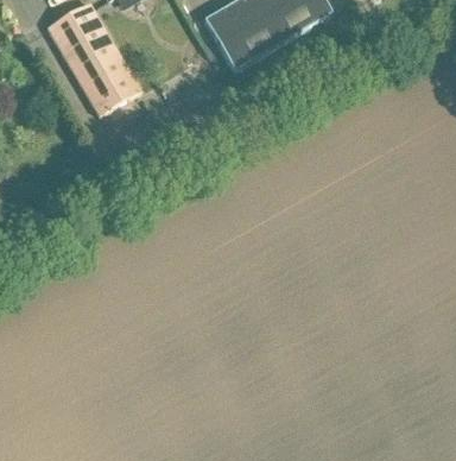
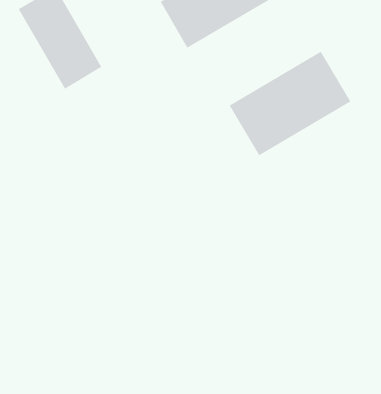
building: none -> [229,51,351,156]

